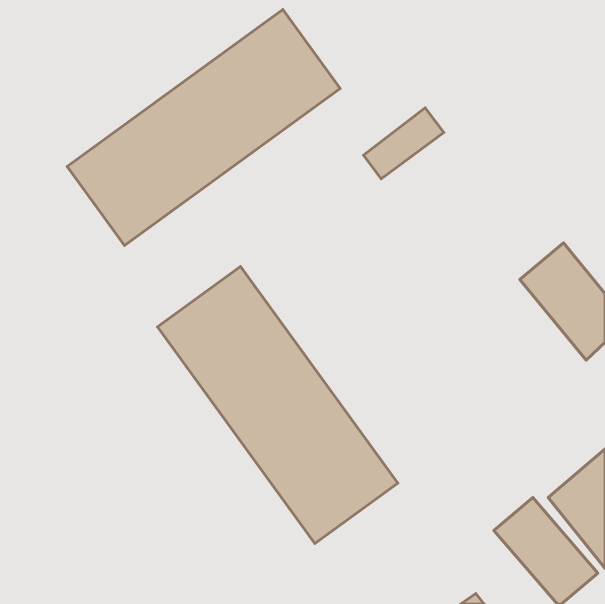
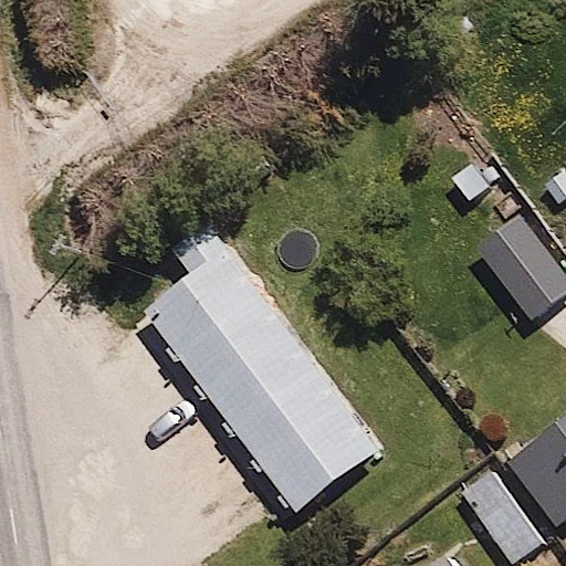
building: [67,10,340,245] -> none

